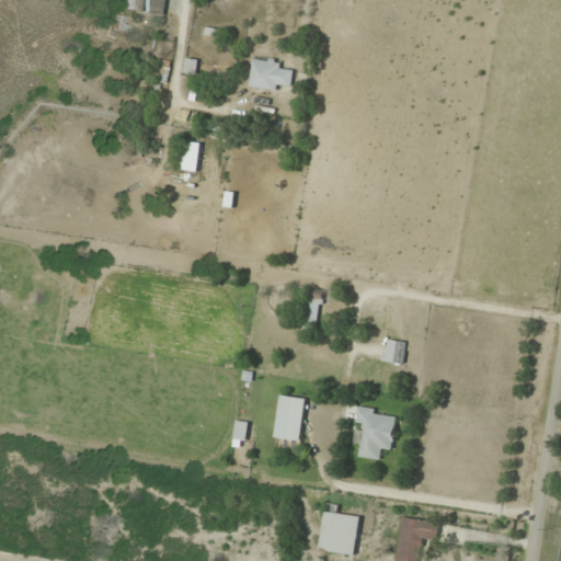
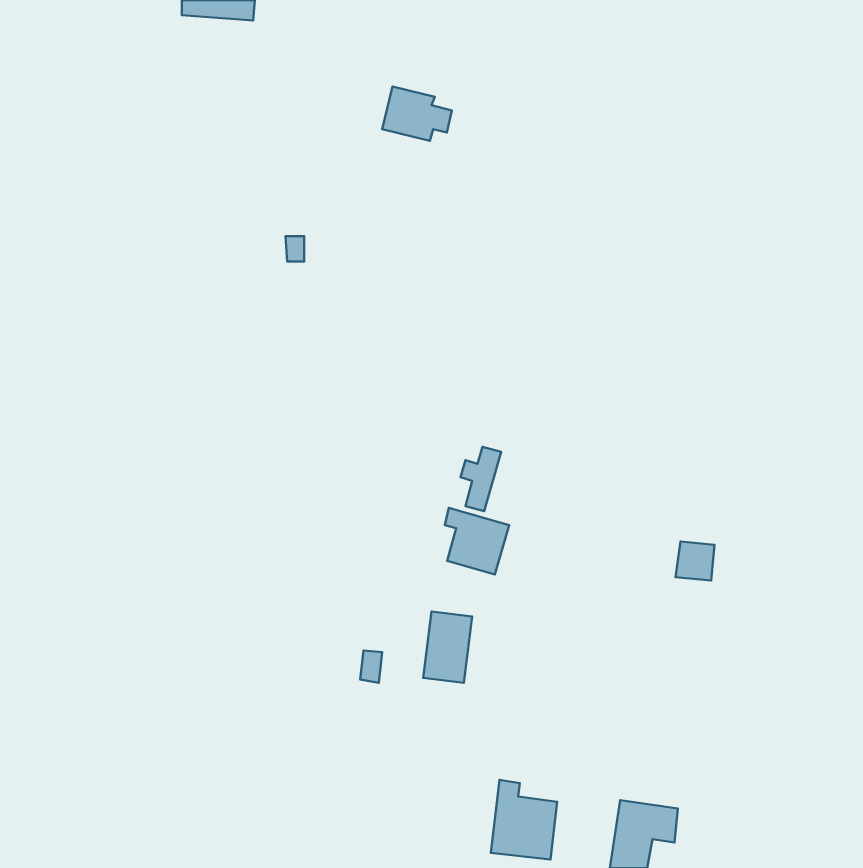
building: none -> [445,508,509,574]
building: [379,339,404,364] -> [675,541,714,580]
building: [351,405,397,459] -> none

